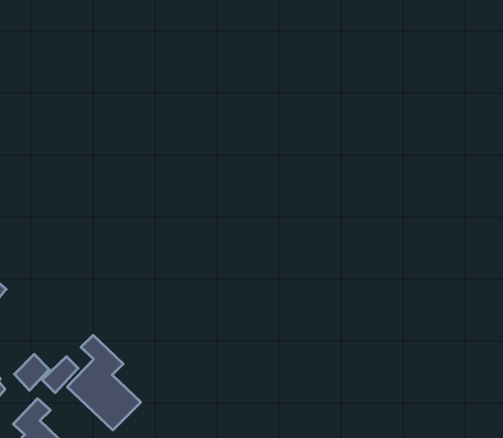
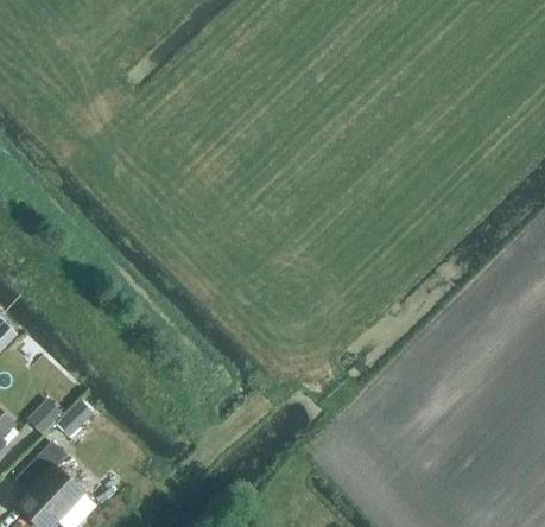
building: [67,335,141,430] -> none

